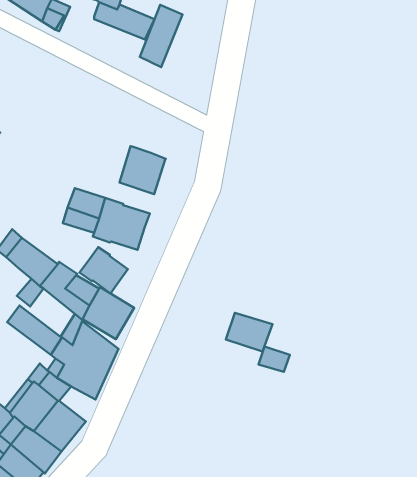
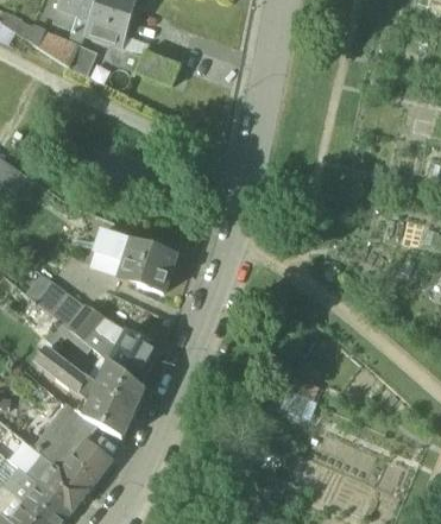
building: [140,5,182,67] -> none
building: [119,146,166,194] -> none
building: [79,247,128,294] -> none
building: [226,313,273,352] -> none

